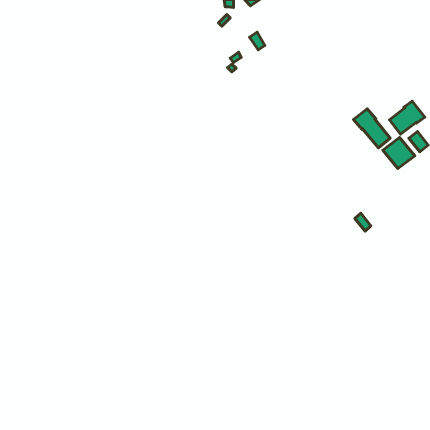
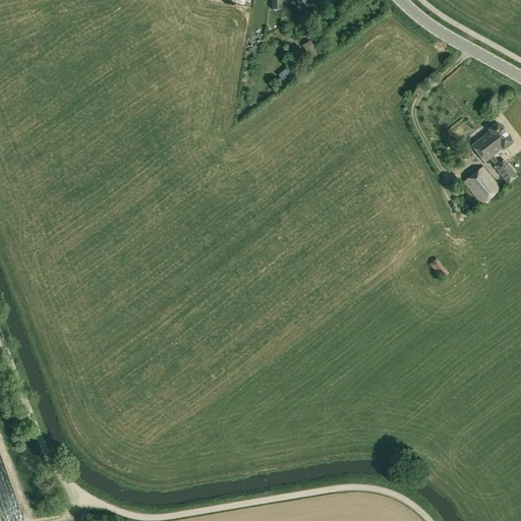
building: [354,109,390,148] -> none

